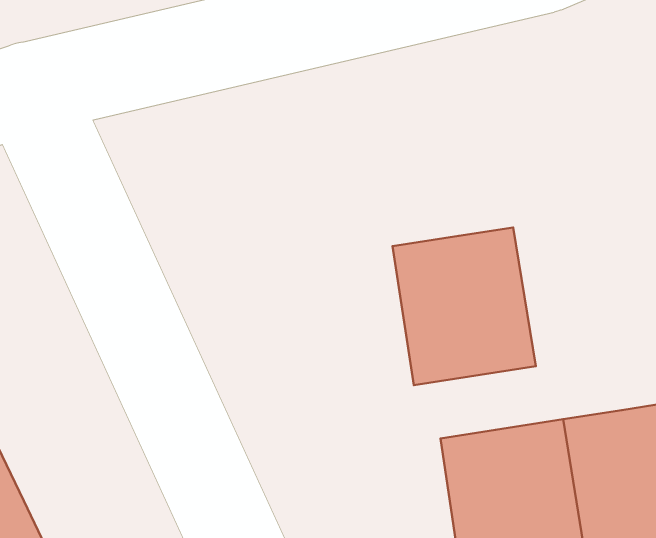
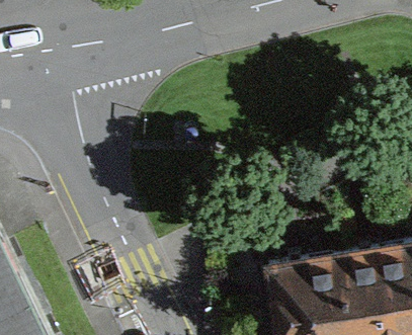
building: [393,227,536,385] -> none

